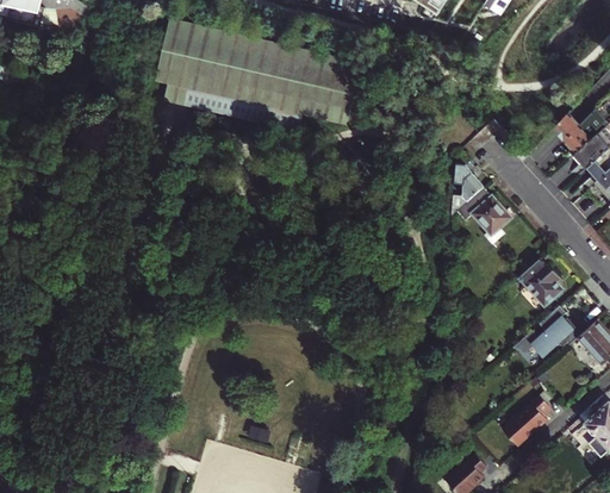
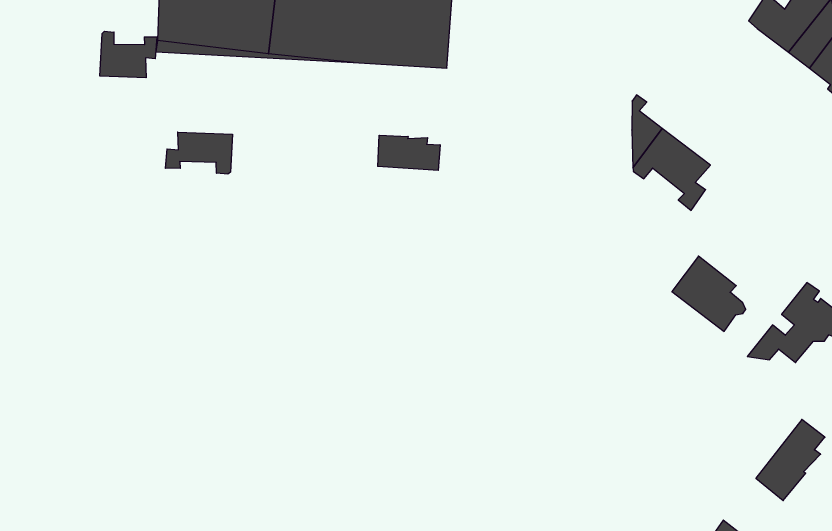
building: none -> [100,31,157,78]
building: none -> [165,132,232,174]
building: none -> [378,135,440,170]
building: [517,255,564,307] -> [672,256,746,331]

